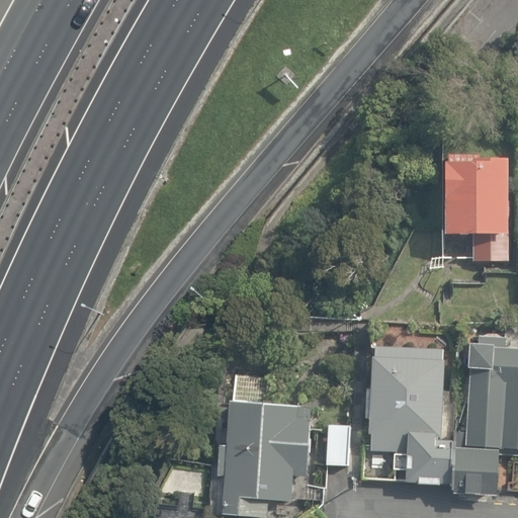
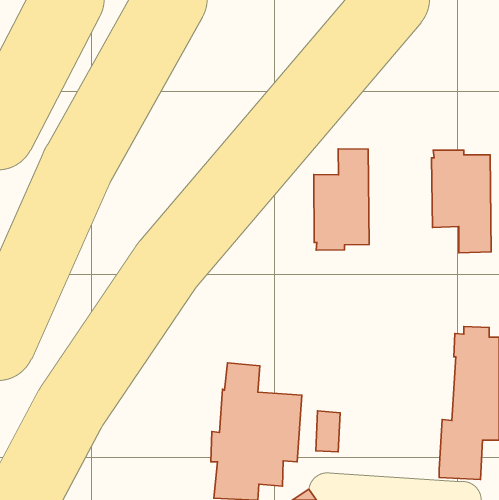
building: none -> [314,149,369,250]
building: [365,347,456,486] -> none

